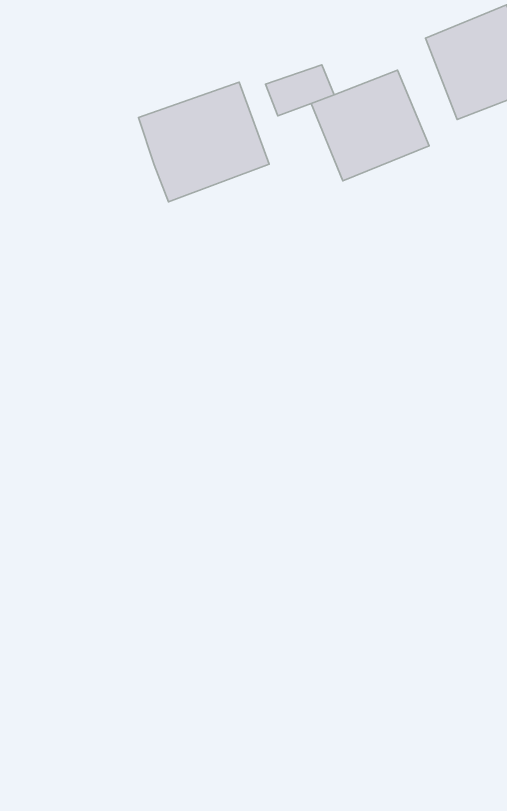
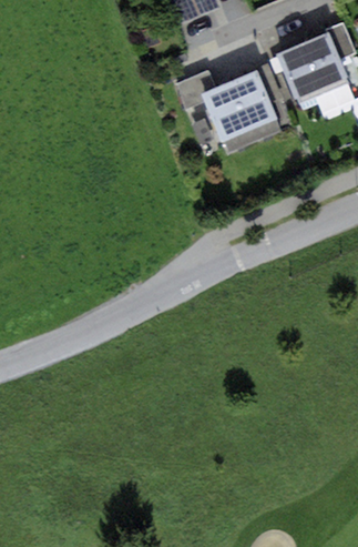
building: [139,82,269,202] -> none

